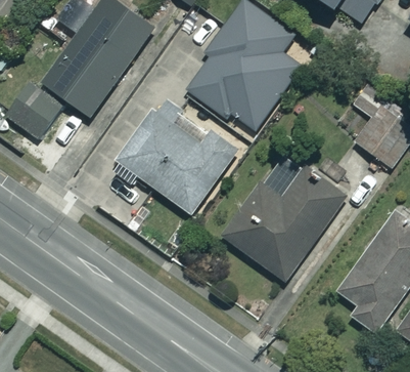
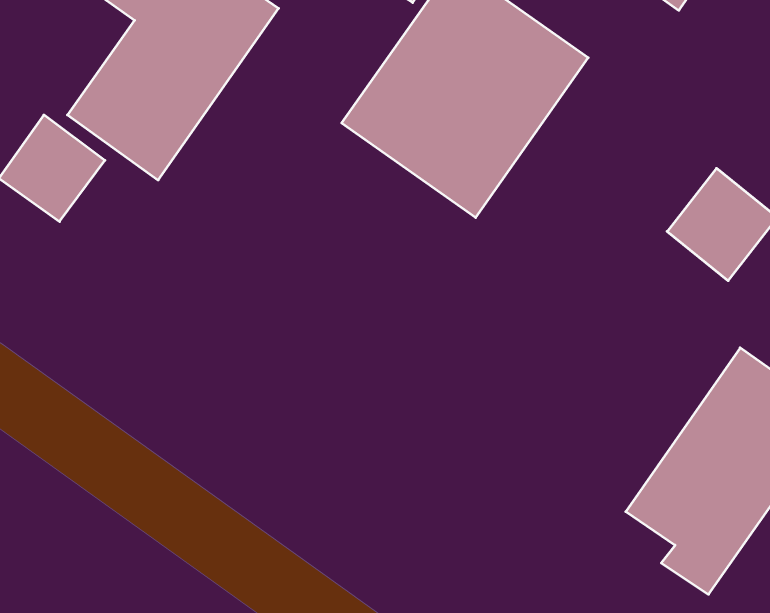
building: [113,111,238,213] -> none
building: [225,164,347,280] -> none

